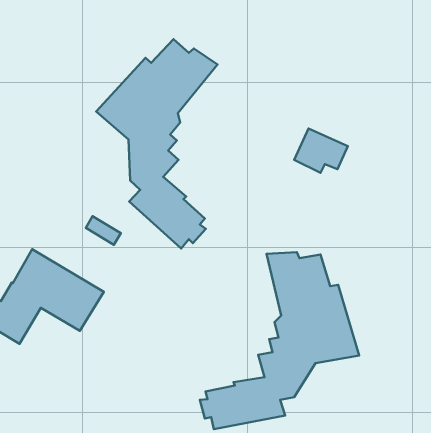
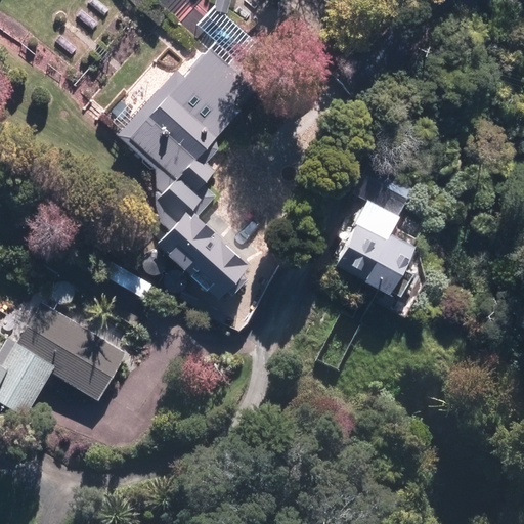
building: none -> [334,217,414,294]
building: [200,252,359,429] -> none

